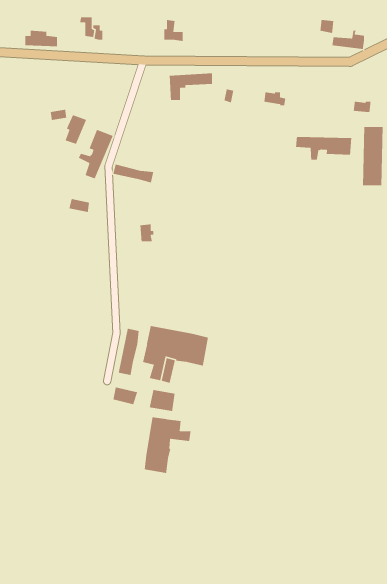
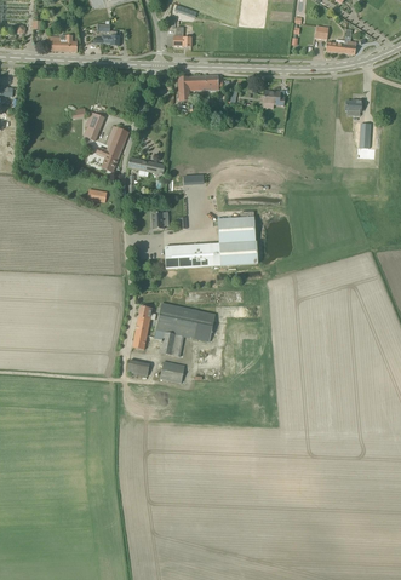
building: [295,136,352,160] -> none
building: none -> [165,216,257,268]
building: [144,417,191,474] -> none

